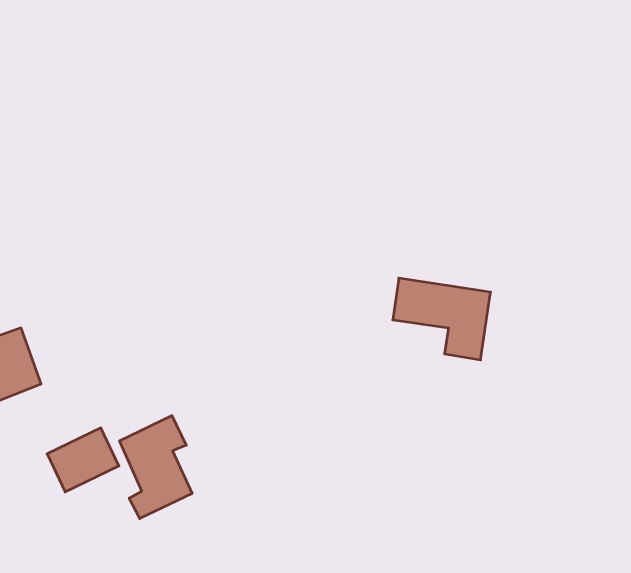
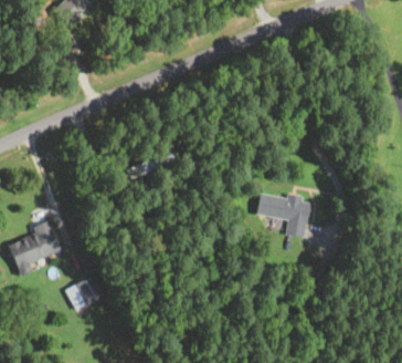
building: [120,416,192,519] -> none

